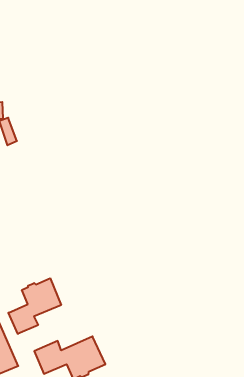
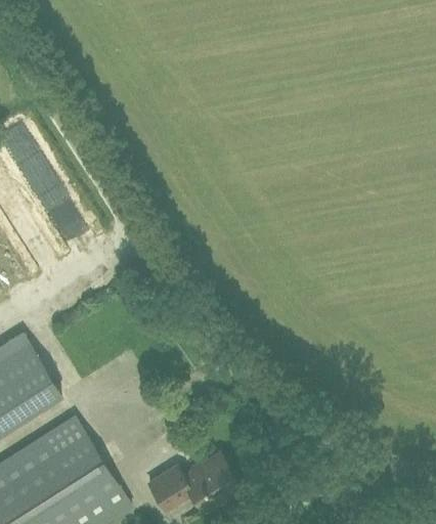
building: [8,278,61,334] -> none

